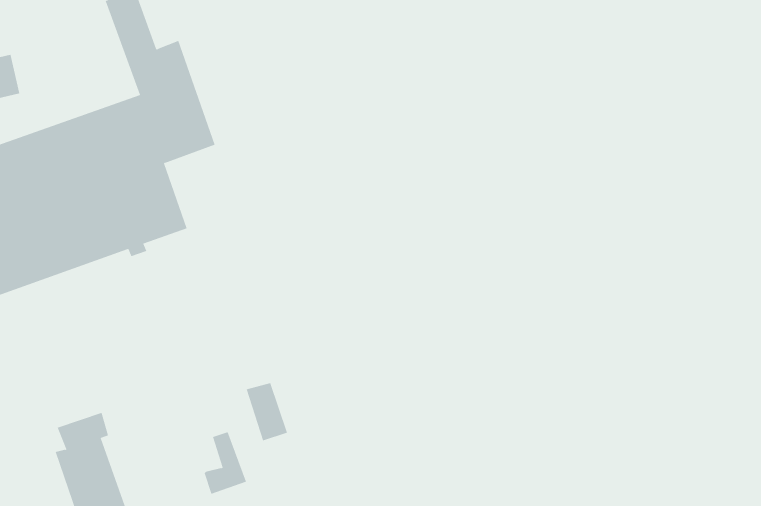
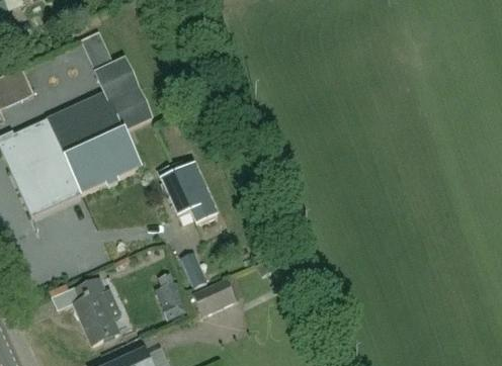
building: none -> [158,159,217,221]
building: none -> [192,277,236,314]

